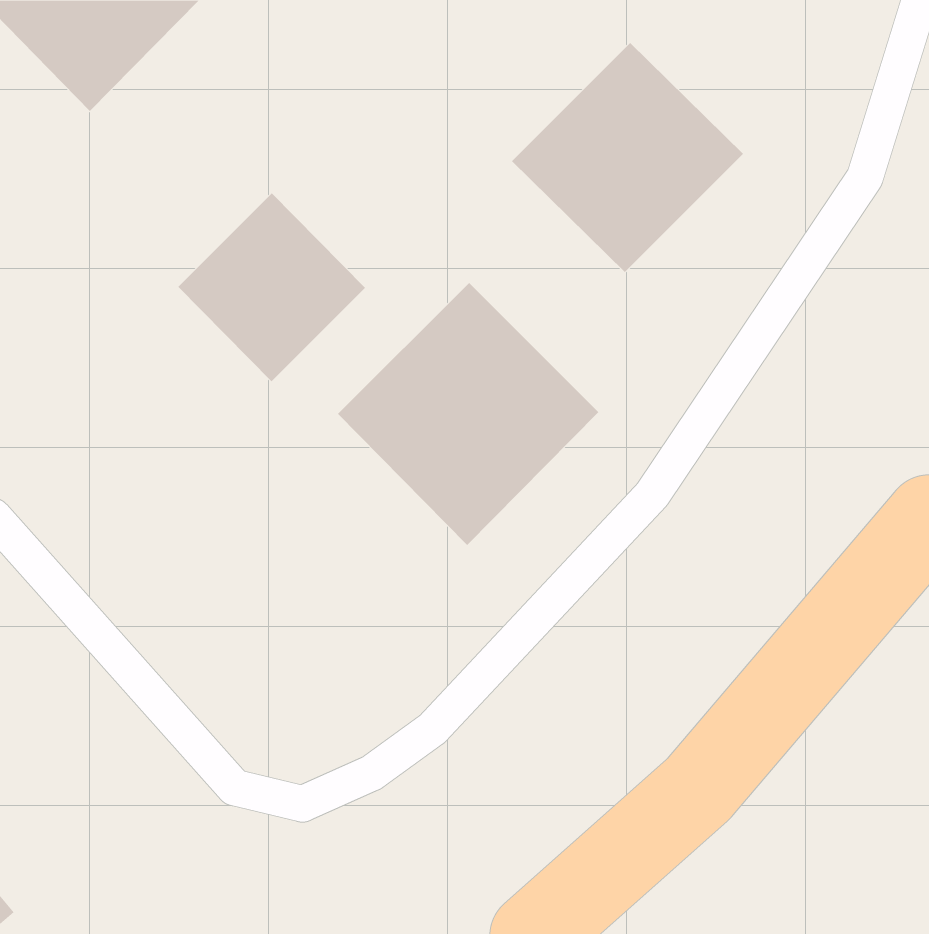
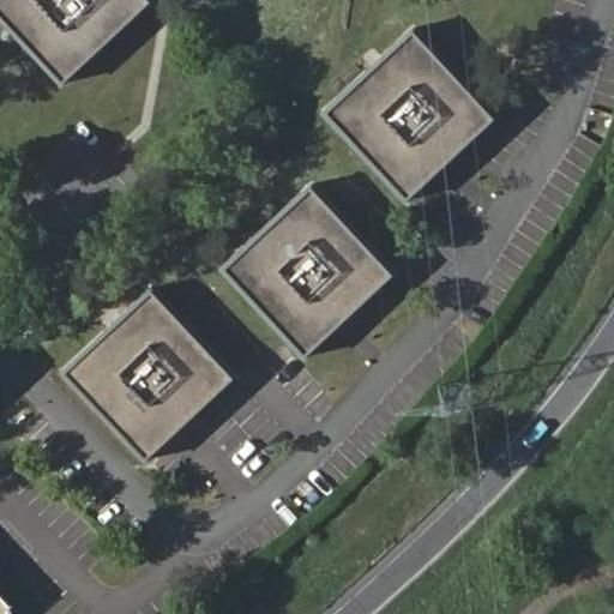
building: [178,193,366,382] -> none
building: none -> [66,295,233,462]

